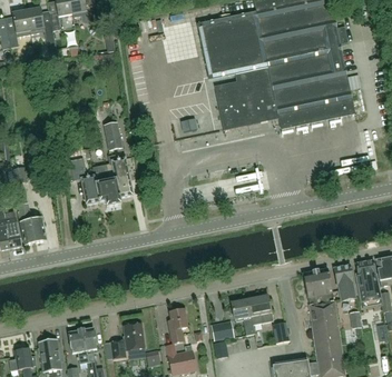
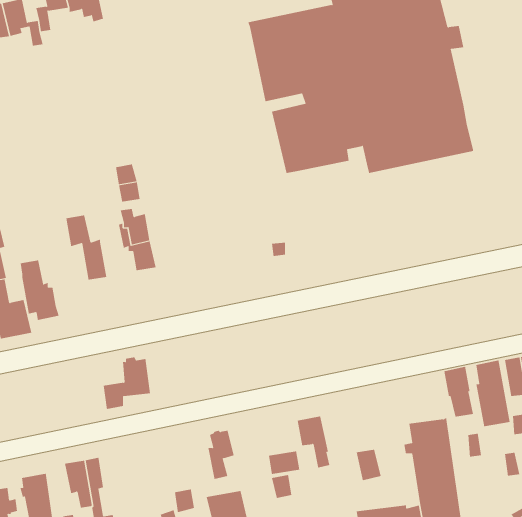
building: [94,165,121,207] -> [20,260,60,321]
building: [303,268,334,304] -> none
building: [248,294,274,324] -> none
building: [111,321,145,358] -> [103,357,151,409]

